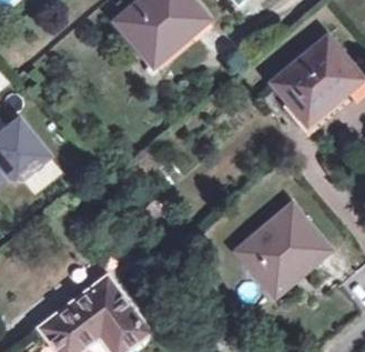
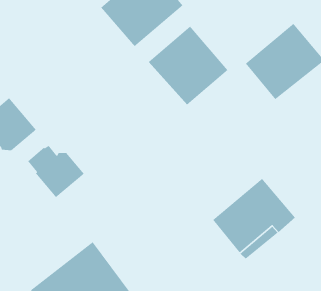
building: none -> [148,26,228,105]
building: none -> [27,145,85,198]

